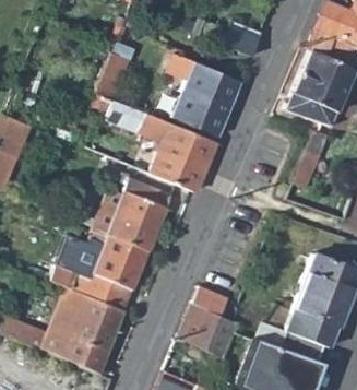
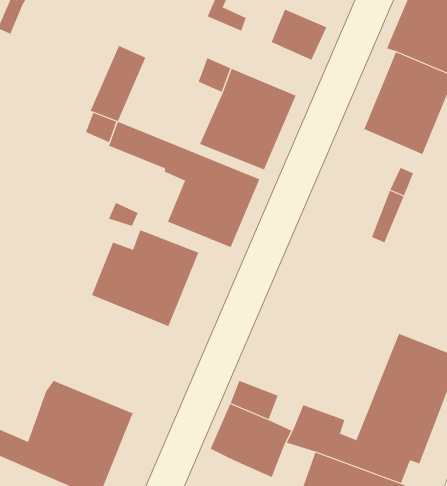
building: [51,225,151,309] -> none

